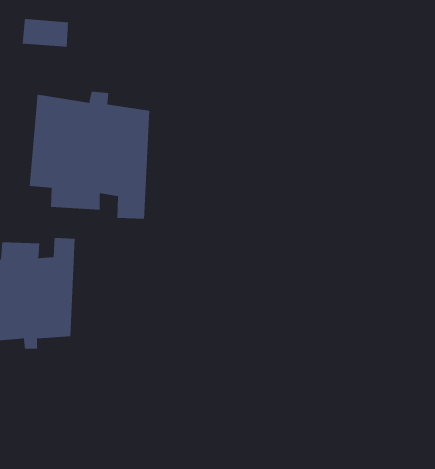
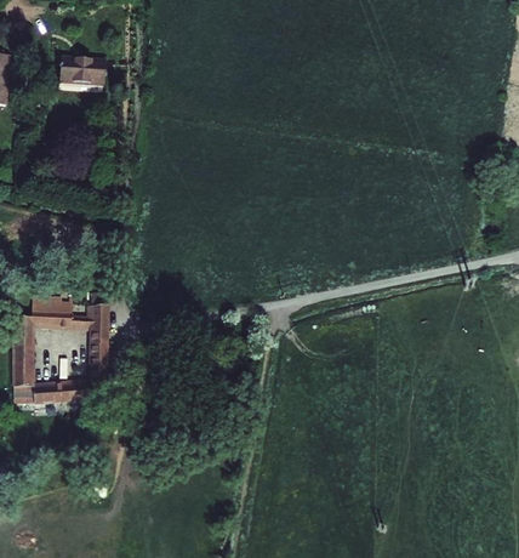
building: [29,91,150,219] -> none

